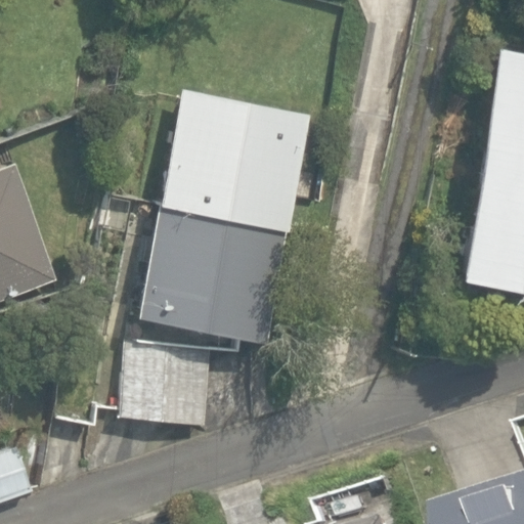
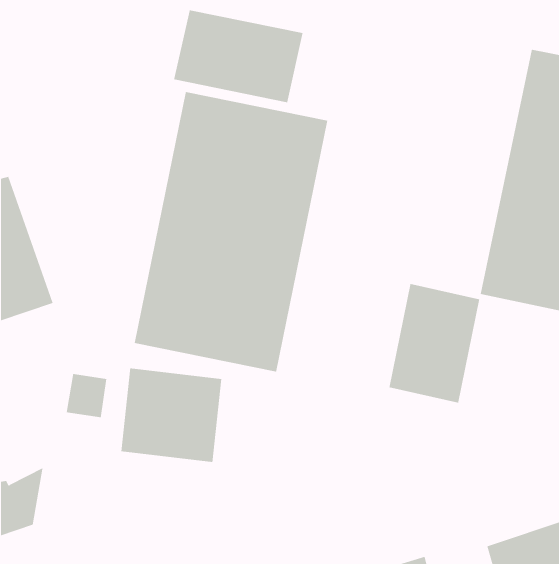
building: none -> [174,9,303,103]
building: none -> [389,283,480,403]

